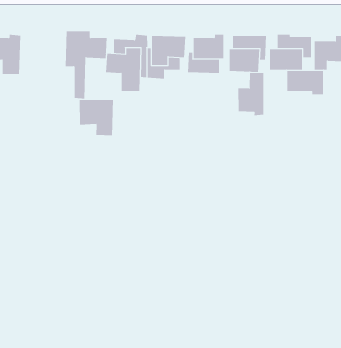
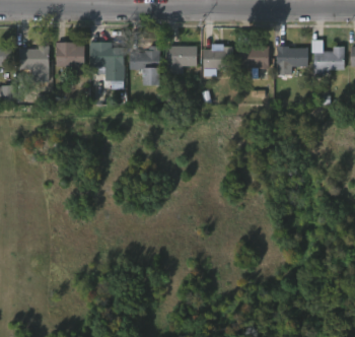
building: none -> [53,40,82,73]
building: [287,70,324,95] -> none
building: [238,72,264,116] -> none
building: [79,99,114,136] -> none

